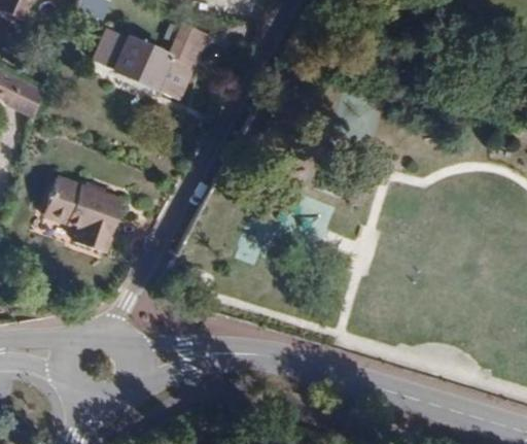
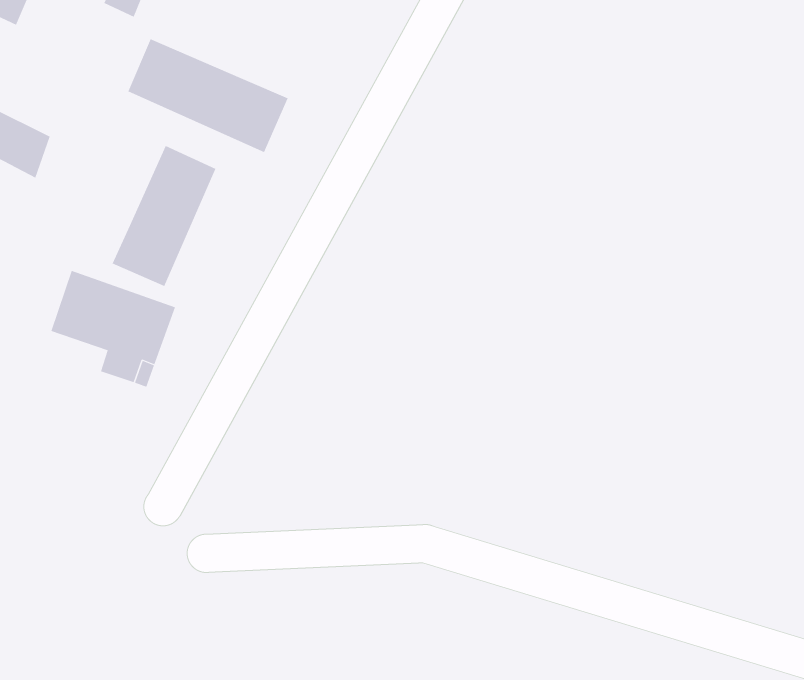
building: [167,24,209,65] -> none
building: none -> [112,145,216,287]

